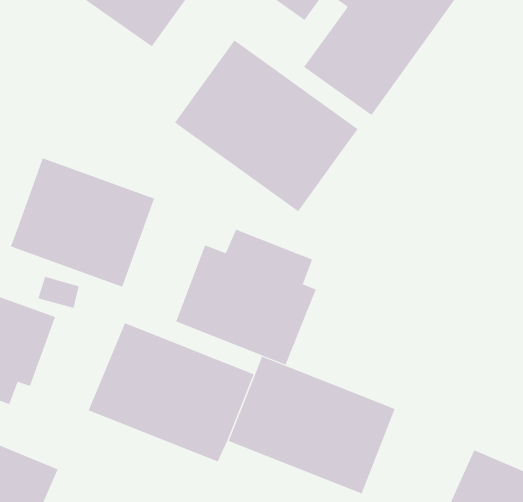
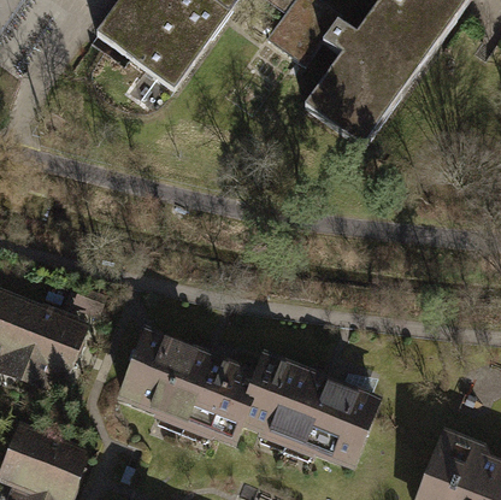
building: [174,39,358,212] -> none
building: [10,158,155,287] -> none
building: [175,229,316,366] -> none

